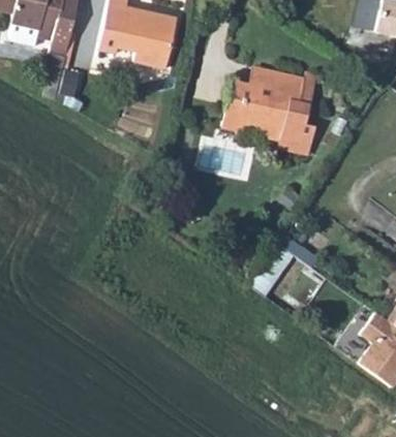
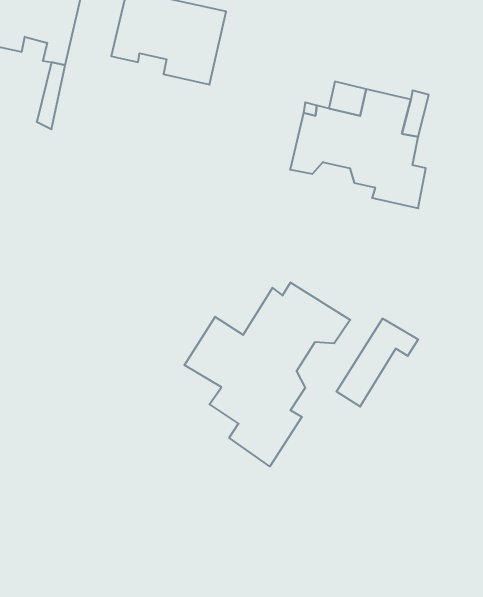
building: none -> [184,282,350,466]

